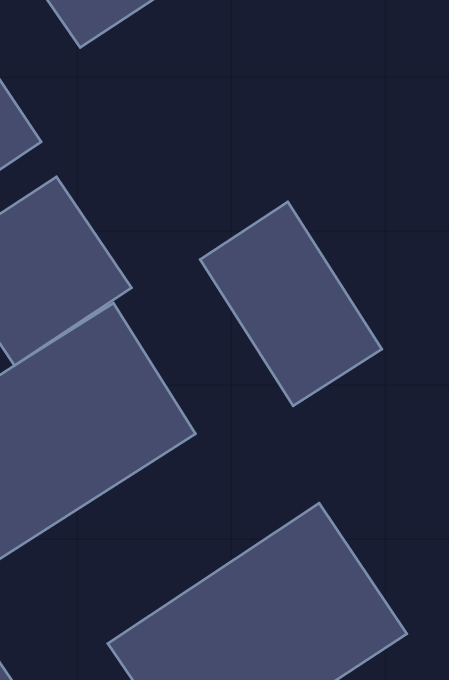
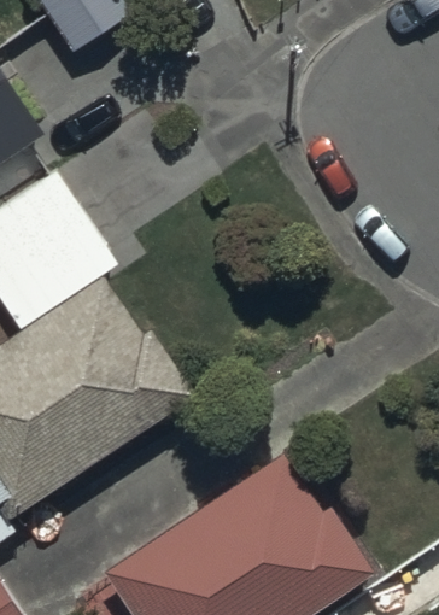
building: [200,202,382,406] -> none

